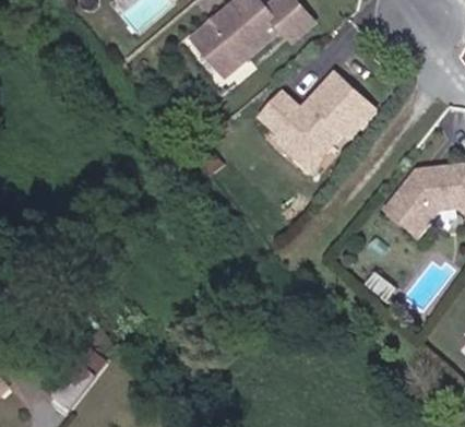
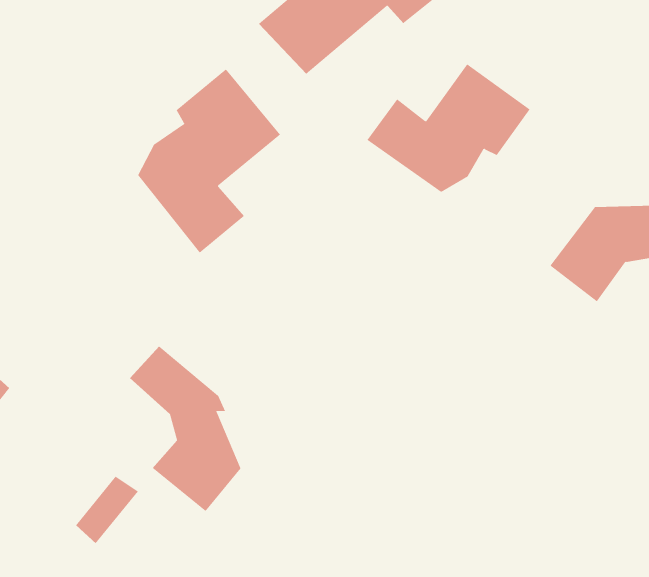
building: none -> [137,68,281,254]
building: none -> [129,345,241,512]

